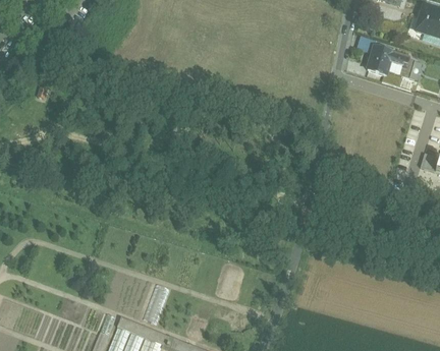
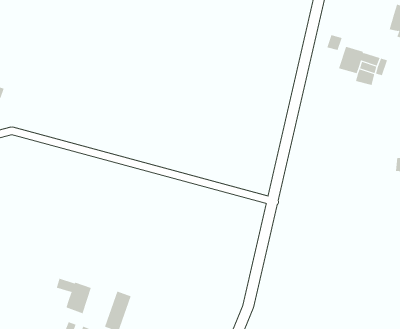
building: none -> [56,278,92,314]

